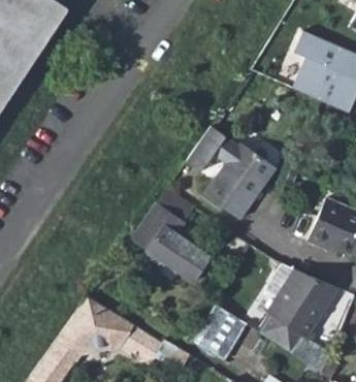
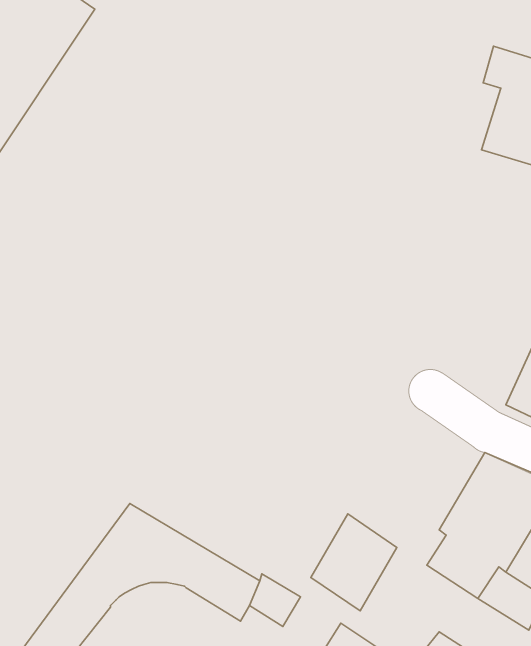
building: [185,128,274,221] -> none
building: [133,189,209,284] -> none

